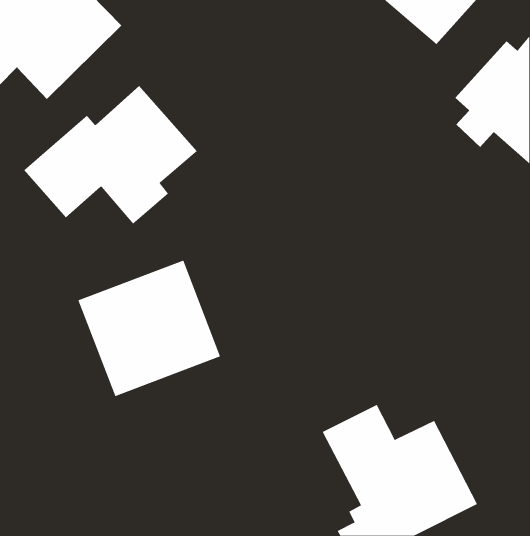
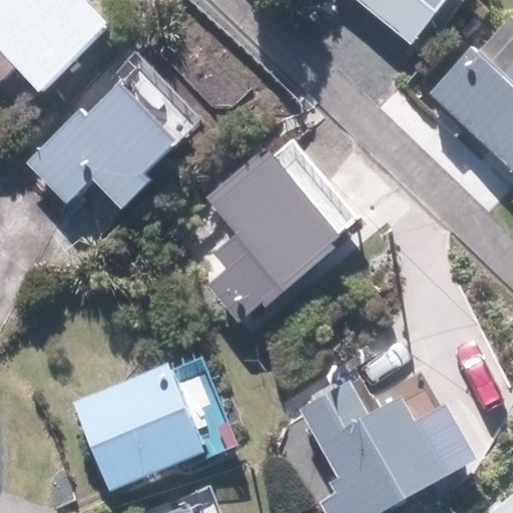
building: none -> [207,148,344,323]
building: [78,260,221,397] -> [72,363,207,492]

